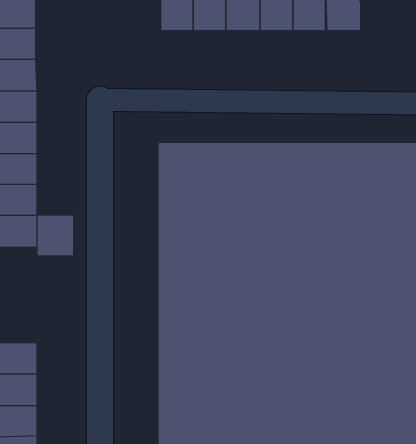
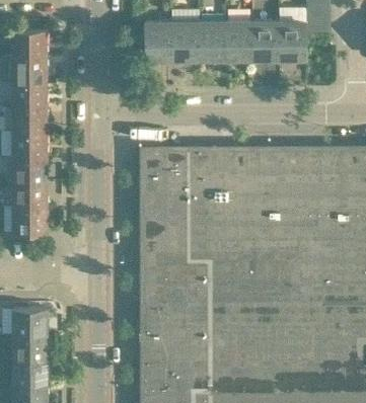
building: [37,215,73,256] -> none

